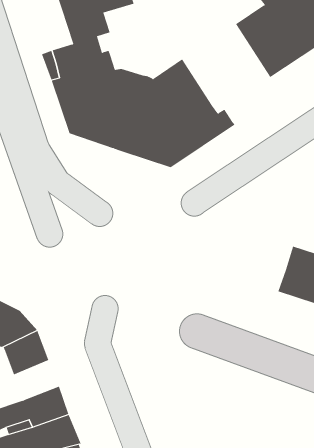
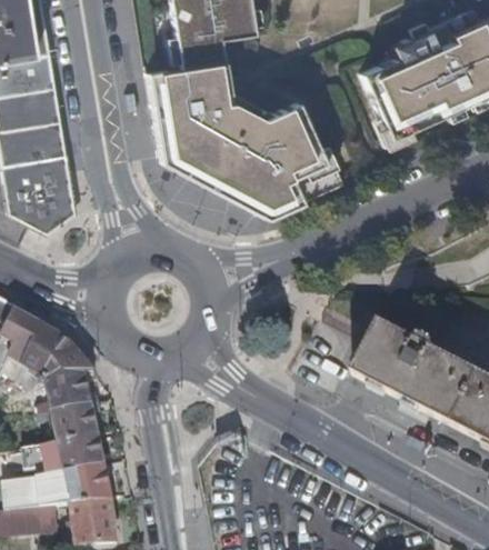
building: none -> [54,402,102,441]

